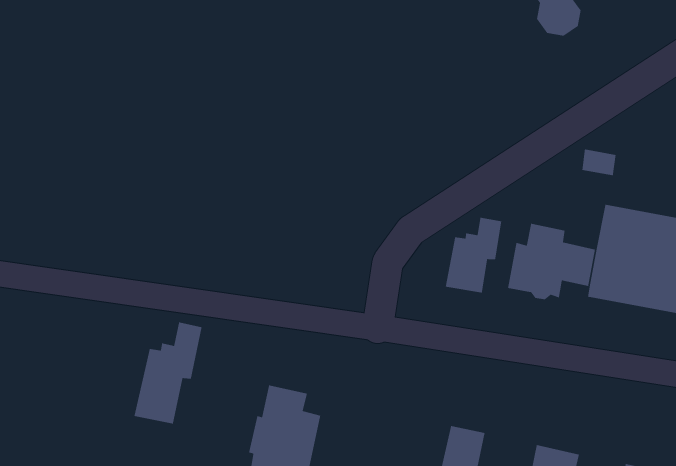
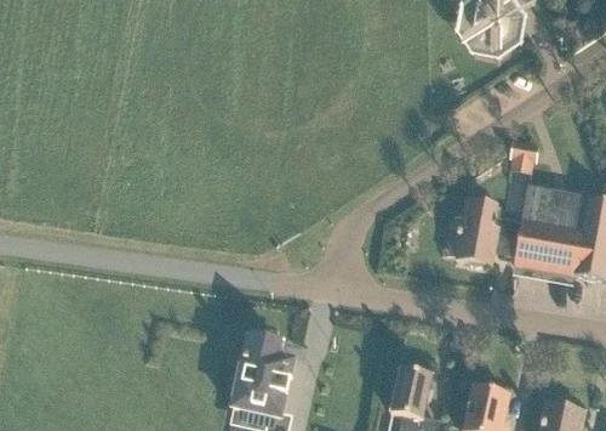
building: [445,217,502,293] -> none
building: [133,322,202,425] -> none

